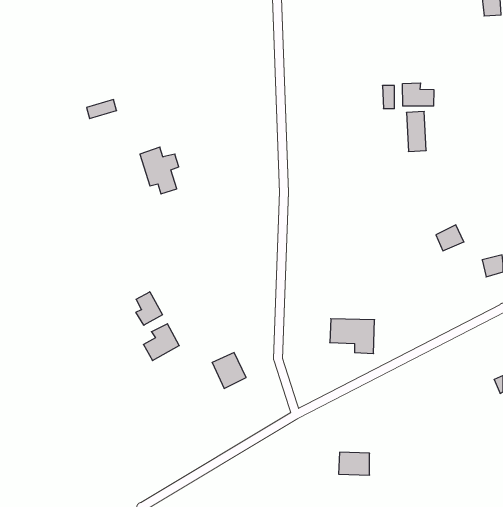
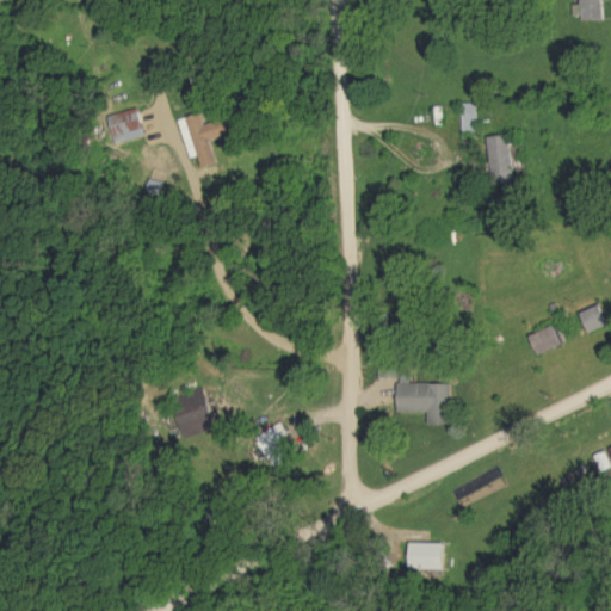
building: [403,83,434,106] -> none
building: [140,147,179,194] -> [175,111,222,167]
building: [436,225,464,251] -> [529,323,562,354]
building: [136,292,162,325] -> none

